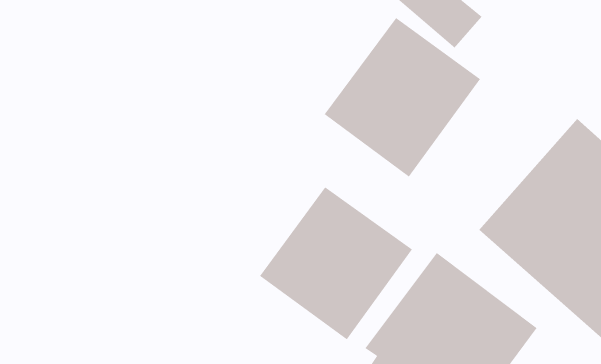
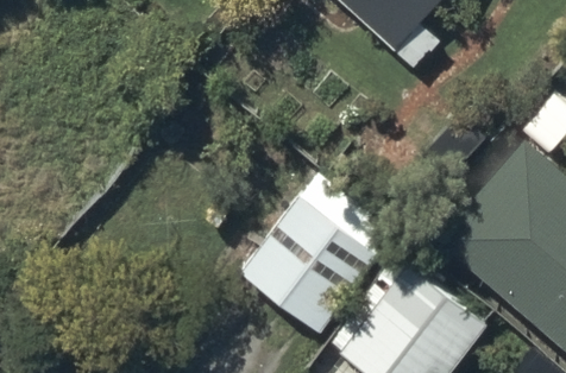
building: [324,17,481,177] -> none

